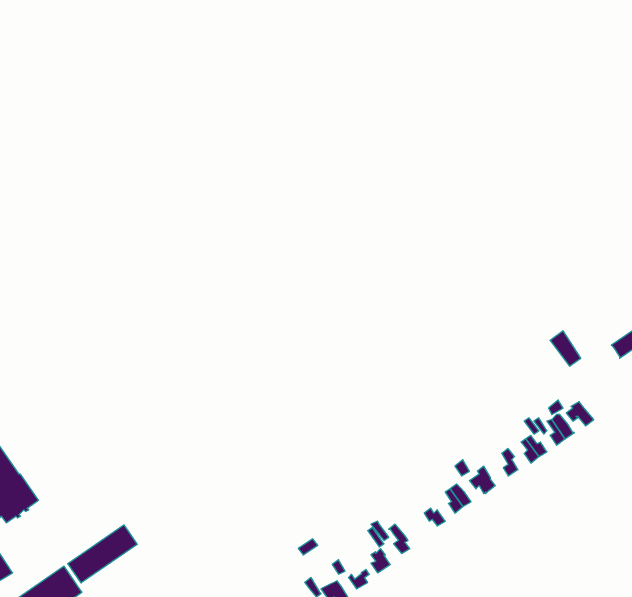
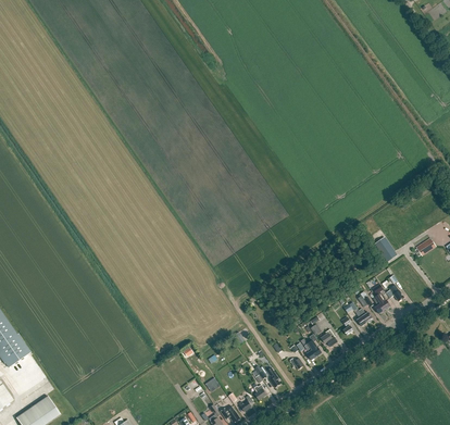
building: [68,525,137,583] -> none

